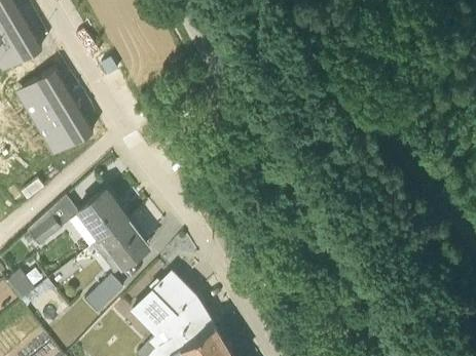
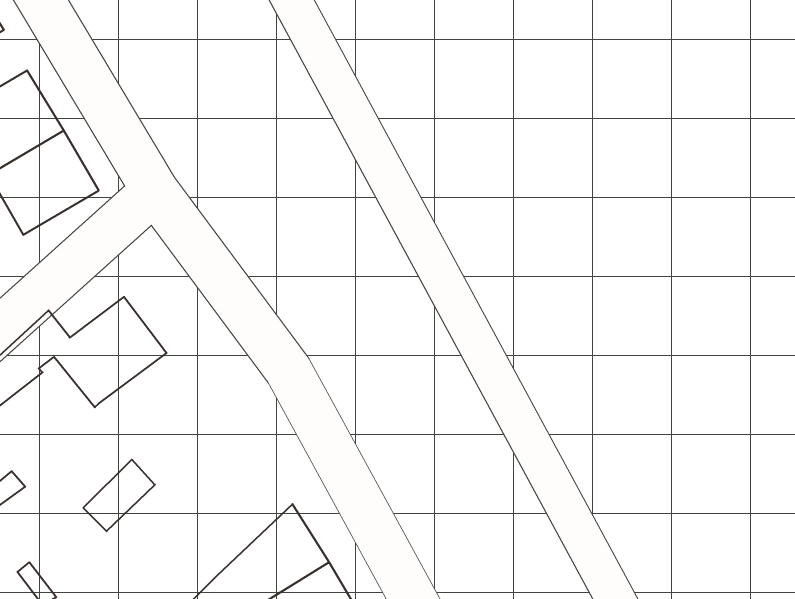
building: [94,217,150,272] -> none
building: [133,272,196,335] -> none

